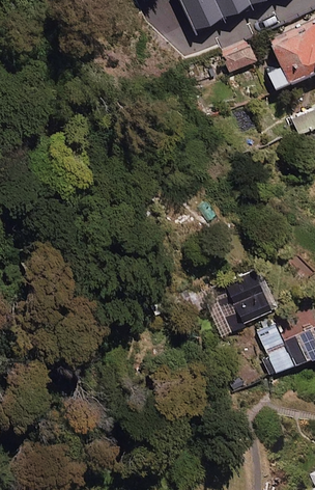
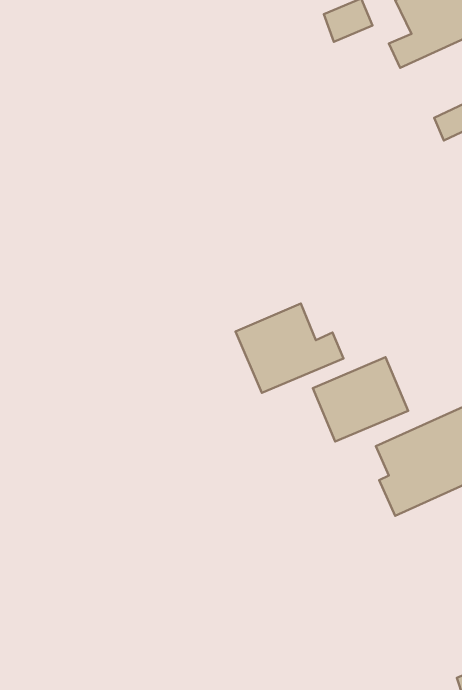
building: none -> [235,304,343,393]

